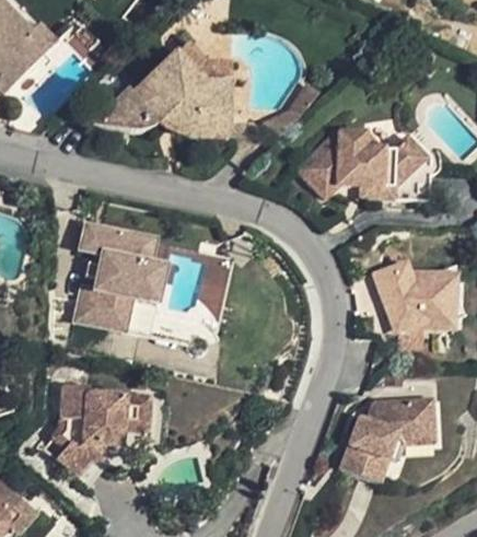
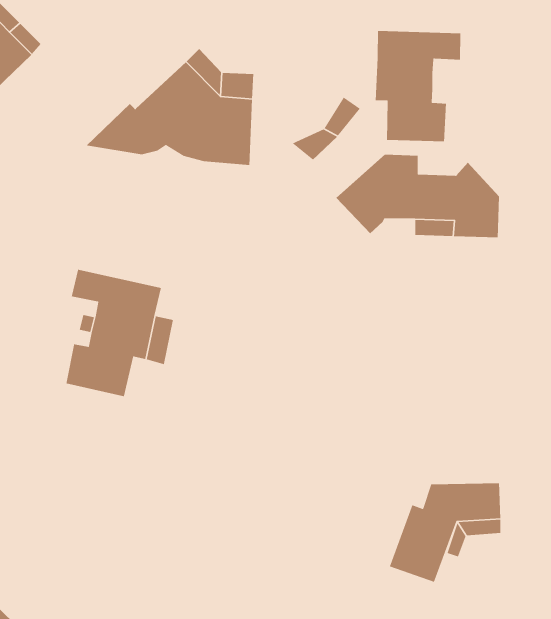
building: none -> [375,30,461,142]
building: [372,260,455,332] -> none
building: [56,381,149,475] -> none

